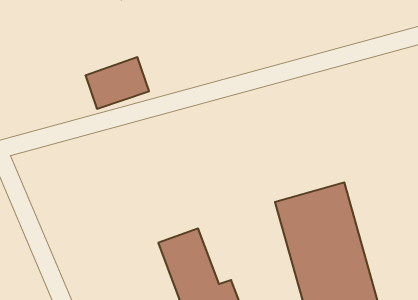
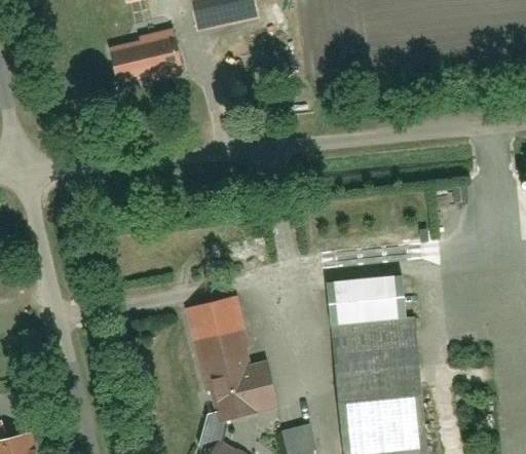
building: [85,57,149,109] -> [111,34,179,83]

